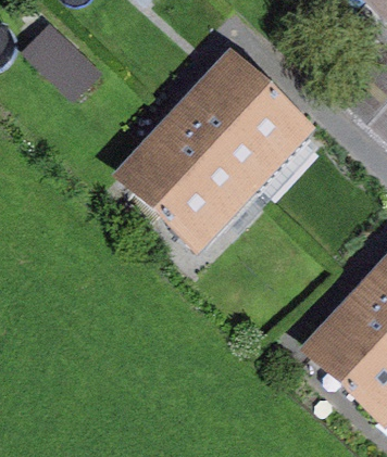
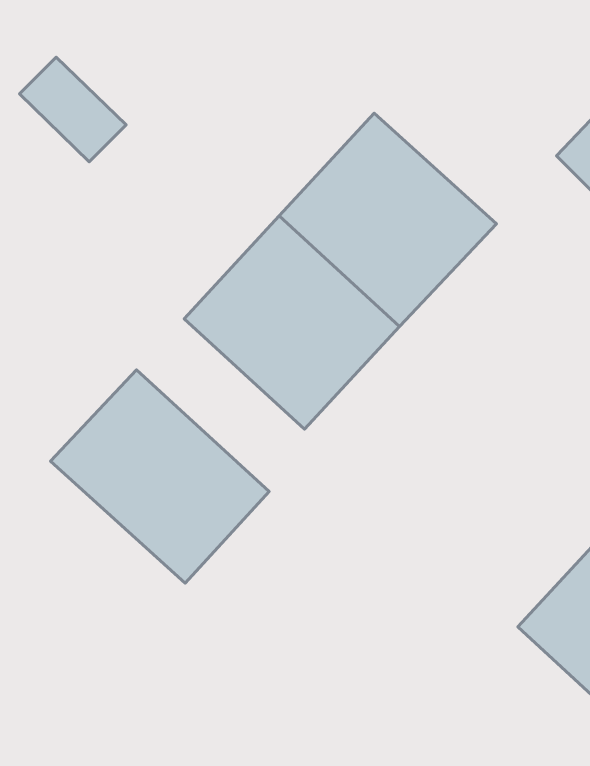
building: none -> [50,370,269,583]

